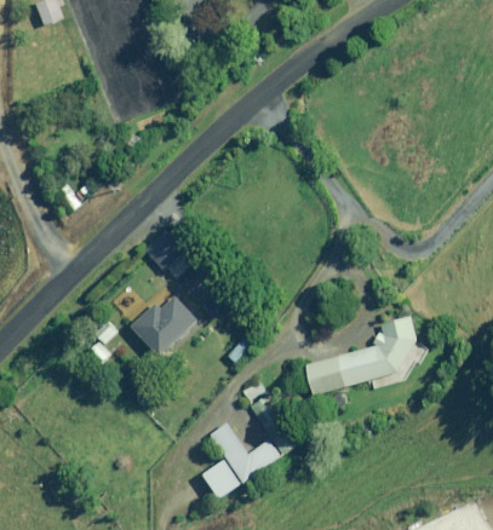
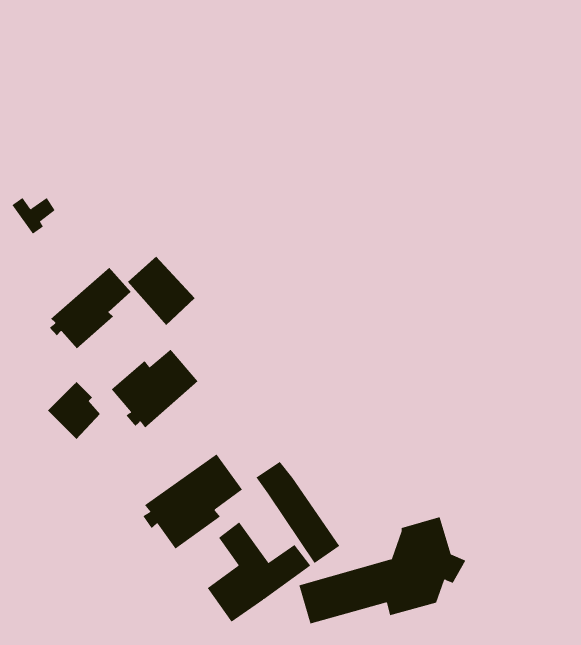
building: none -> [49,267,132,349]
building: [304,315,429,394] -> [298,517,466,624]
building: none -> [142,454,243,549]

